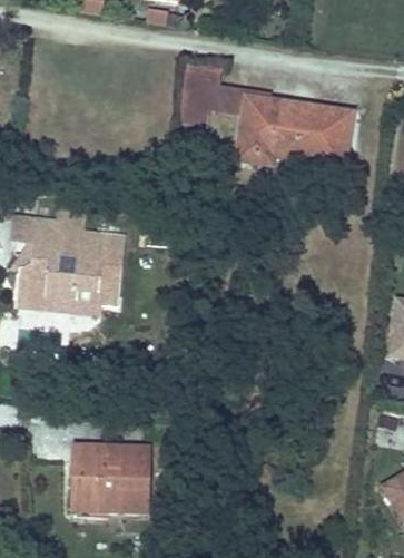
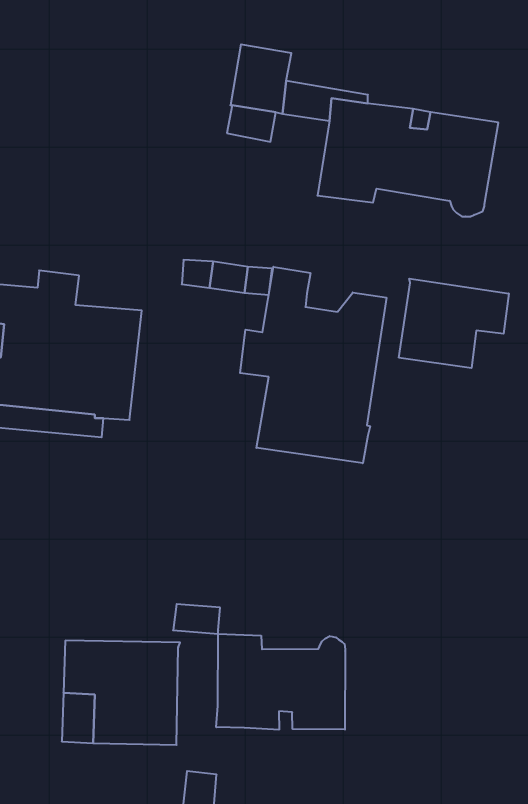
building: none -> [240,267,386,463]
building: none -> [399,279,509,368]
building: none -> [216,634,345,730]

